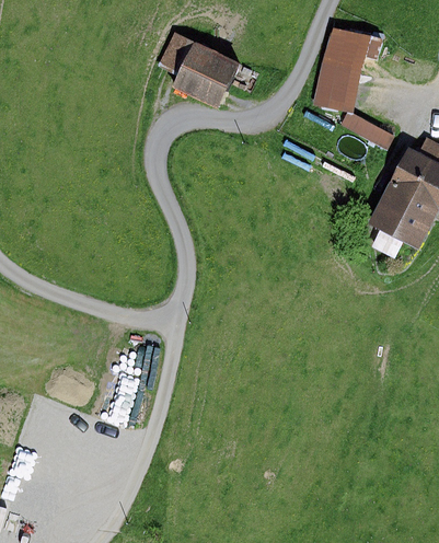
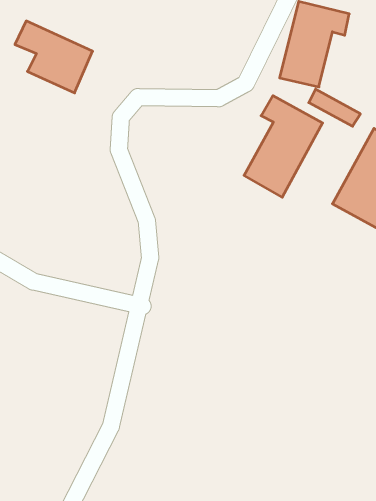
building: [163,38,239,108] -> [15,21,93,93]
building: none -> [244,96,323,197]

